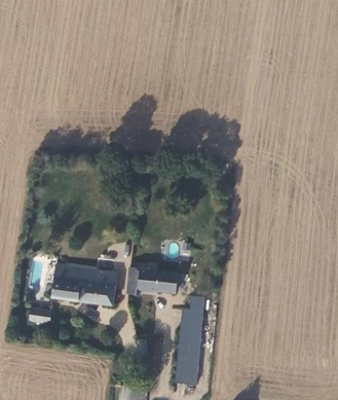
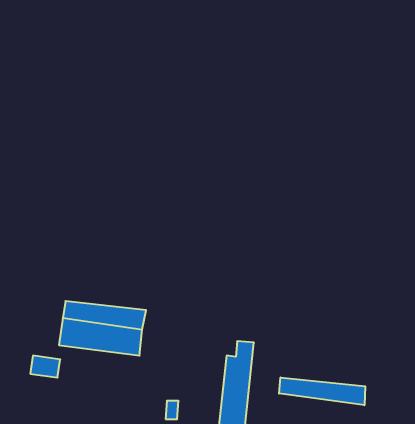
building: [126,266,179,295] -> none
building: none -> [279,377,365,405]

